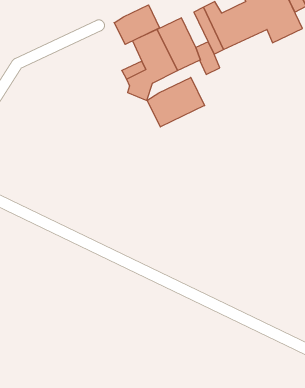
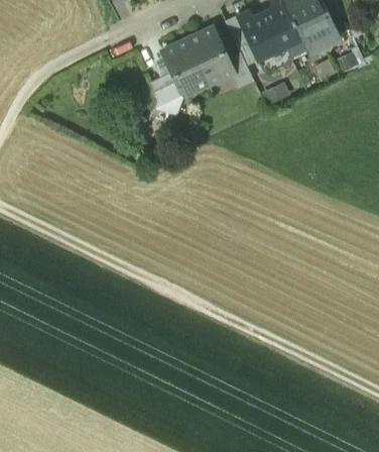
building: [114,5,160,44] -> none
building: [147,77,205,127] -> none

